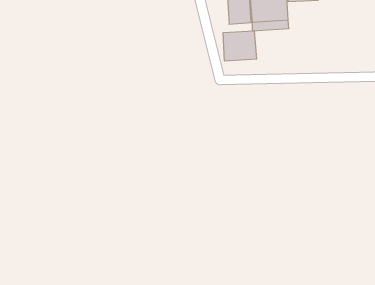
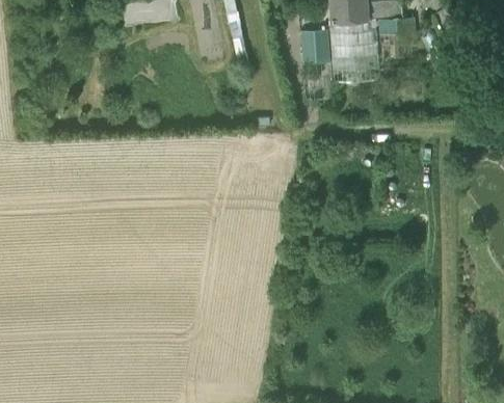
building: [223,31,257,61] -> none

